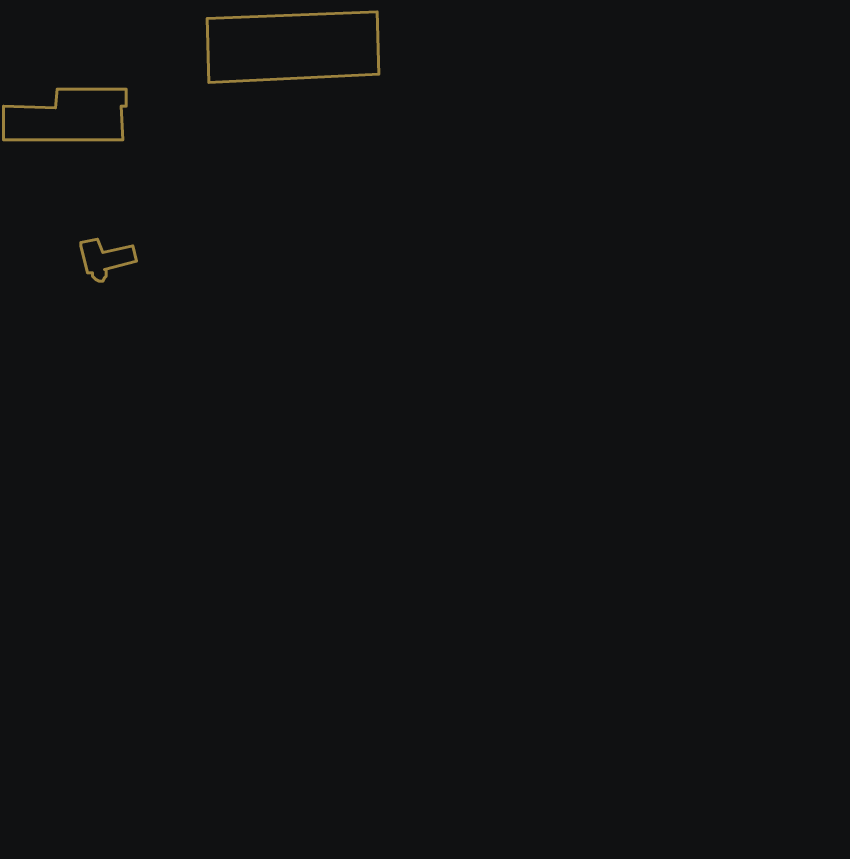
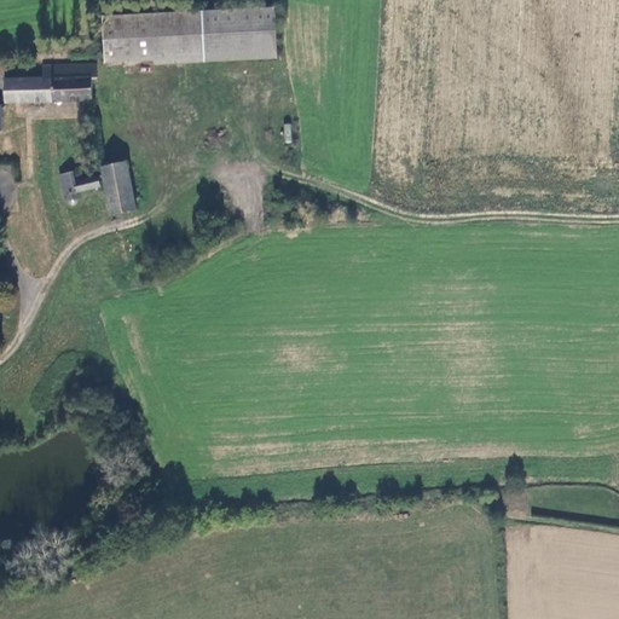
building: none -> [98,15,150,63]
building: none -> [102,162,138,214]

